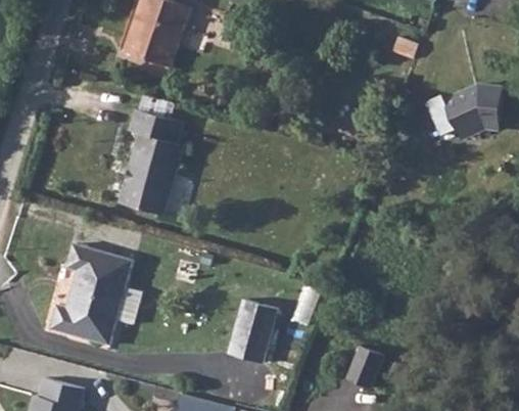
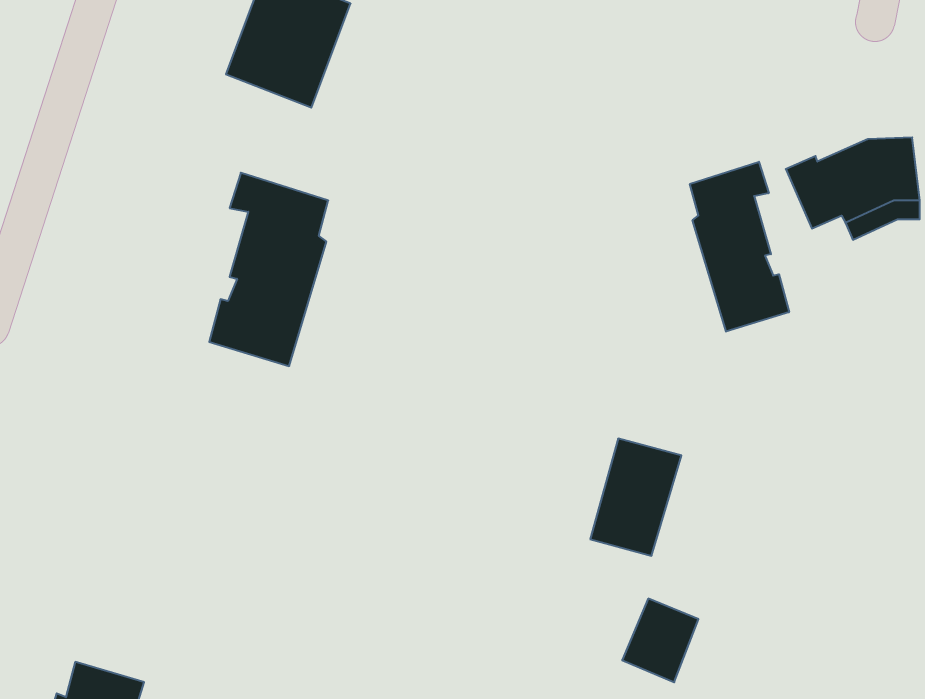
building: none -> [690,162,789,332]
building: [48,243,142,338] -> none
building: [225,300,275,364] -> [590,439,681,556]

